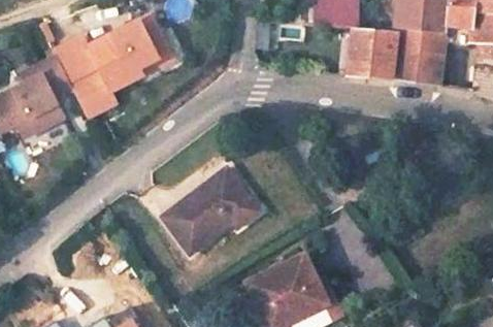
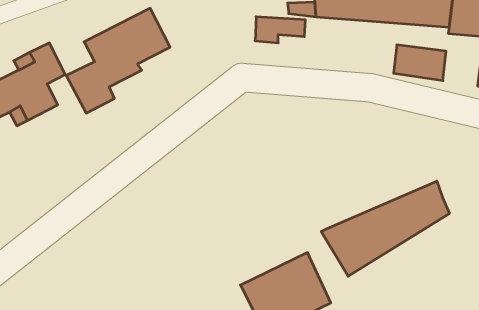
building: [347,28,396,77] -> none
building: [53,34,97,79] -> none
building: [162,167,259,253] -> none
building: none -> [321,181,449,276]

